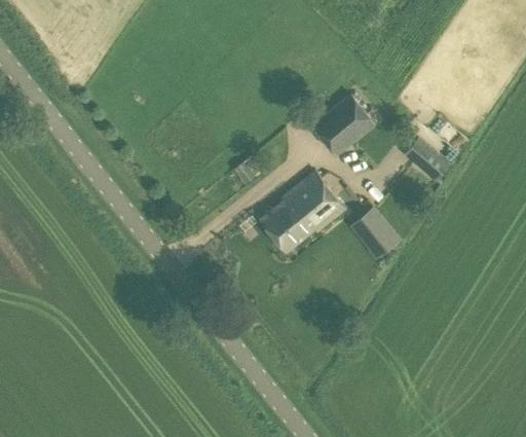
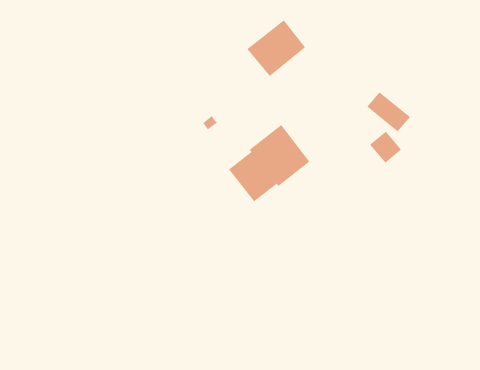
building: [311,95,373,154] -> [247,20,306,77]
building: [365,219,399,253] -> [369,131,402,163]

